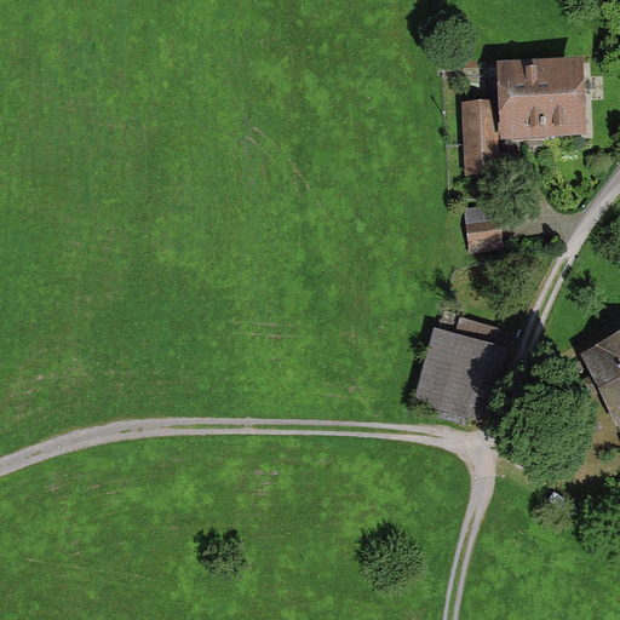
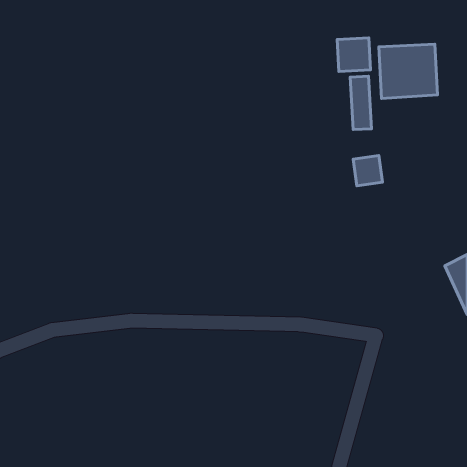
building: none -> [337,38,371,71]
building: [415,329,510,424] -> none

